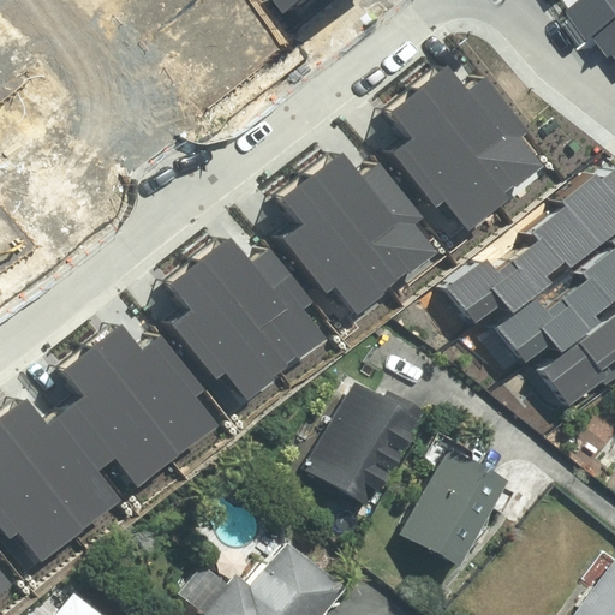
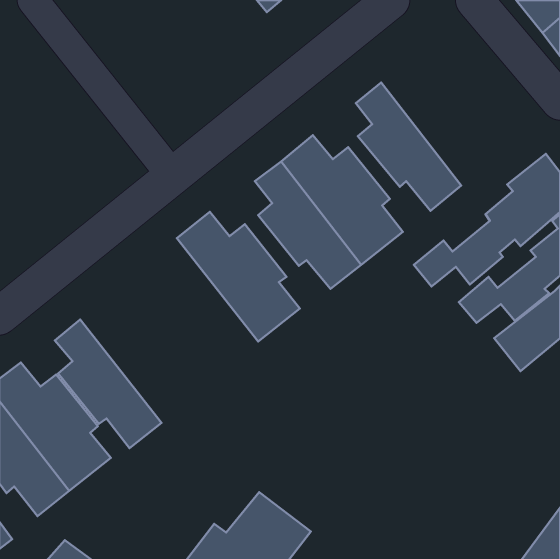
building: [417,64,550,205] -> none
building: [166,263,282,404] -> none
building: [88,323,222,465] -> none
building: [299,381,419,506] -> none
building: [396,447,506,565] -> none

